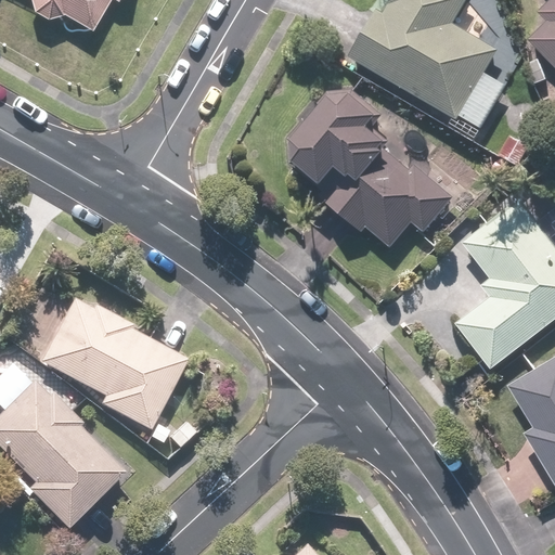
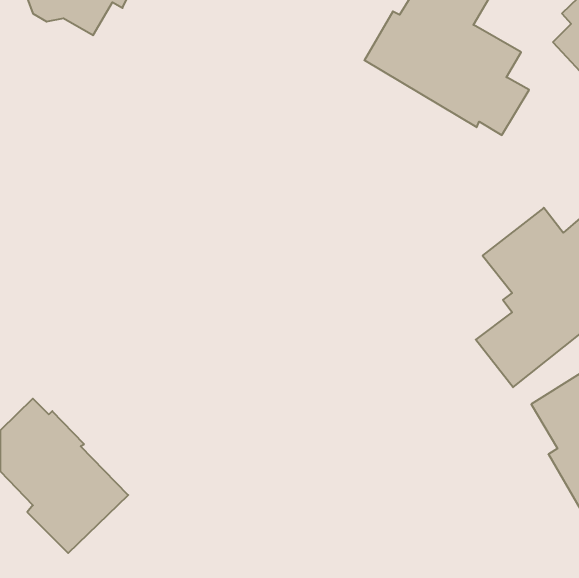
building: [282,75,455,247] -> none
building: [39,299,186,430] -> none

